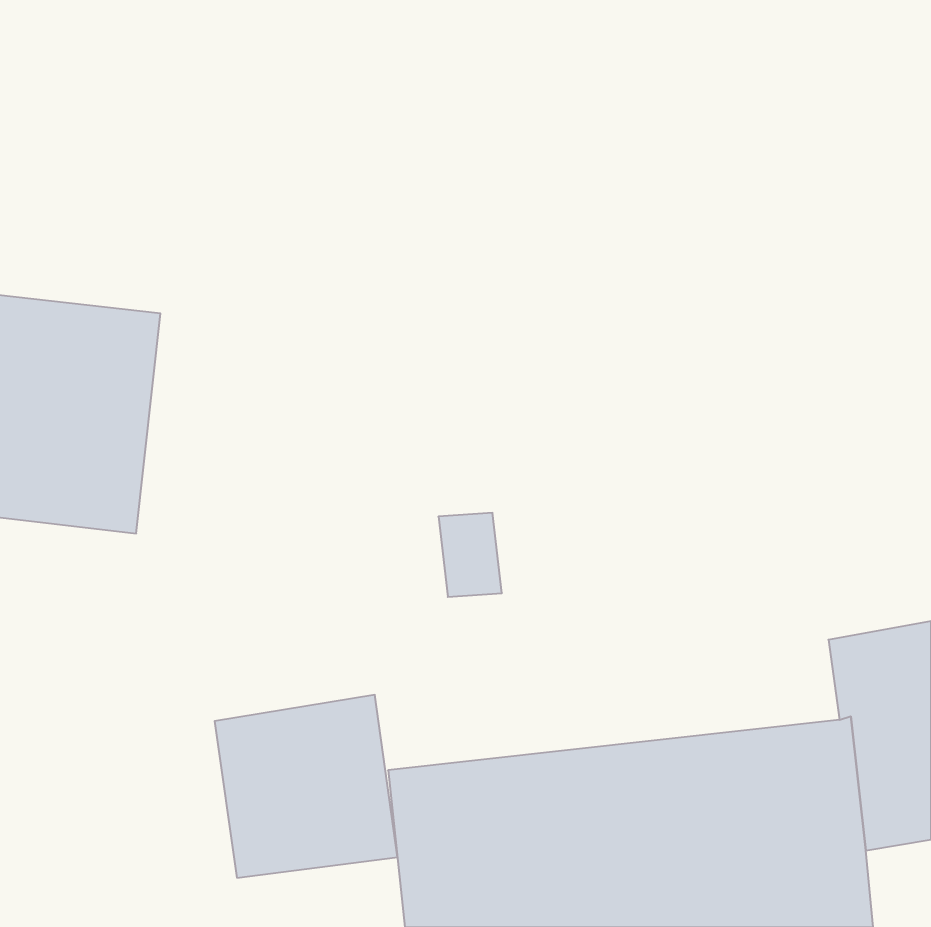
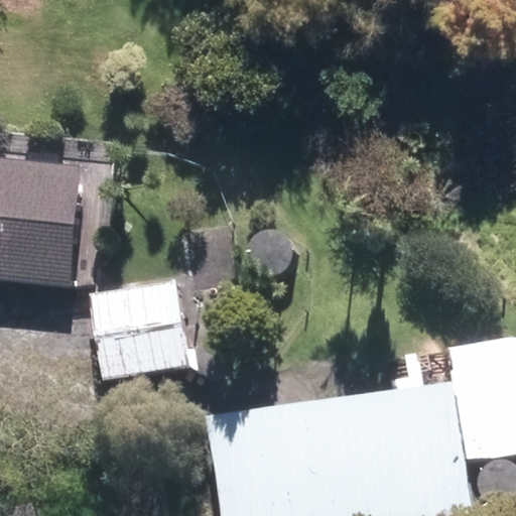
building: [215,695,397,878] -> [90,279,188,378]

